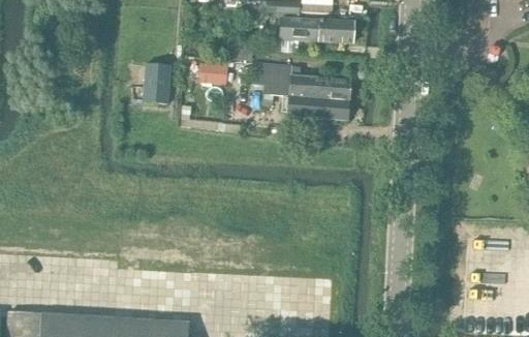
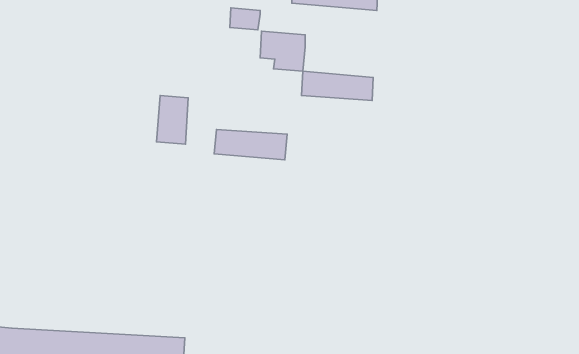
building: [144,62,170,103] -> [156,95,188,144]
building: [198,62,228,84] -> none
building: [289,74,351,100] -> [214,129,287,160]

